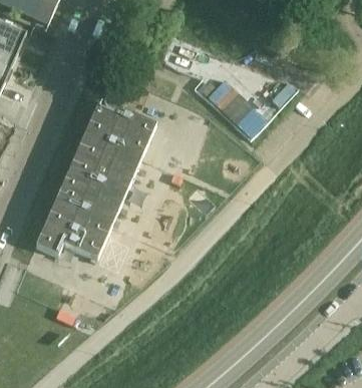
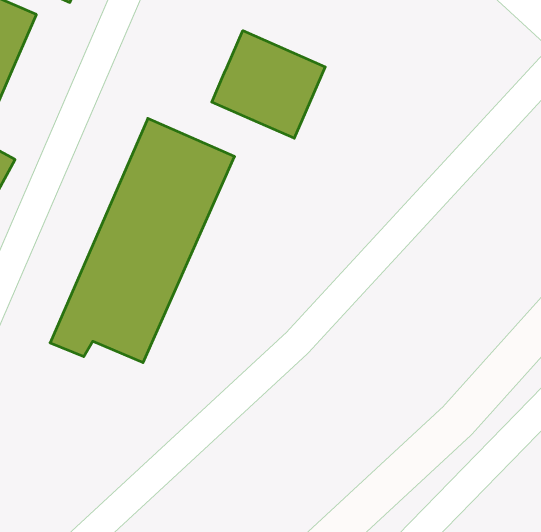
building: none -> [212,31,325,138]

